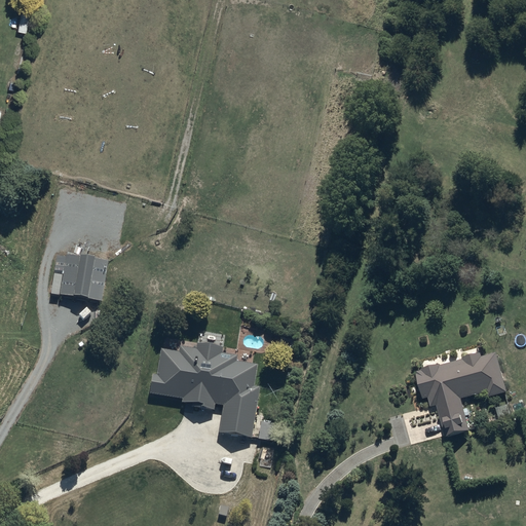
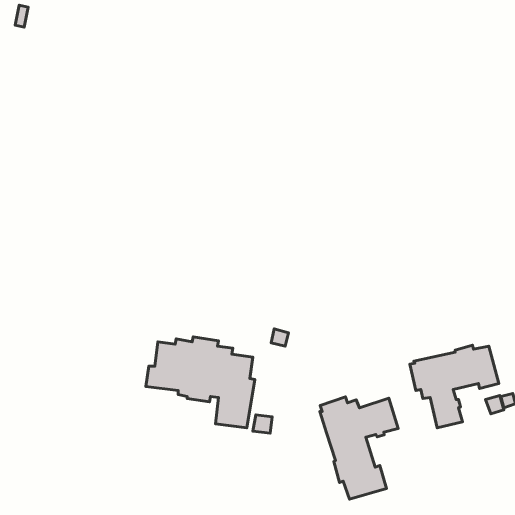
building: [60,253,108,299] -> none
building: none -> [320,397,398,499]

